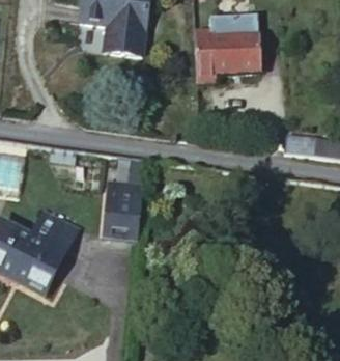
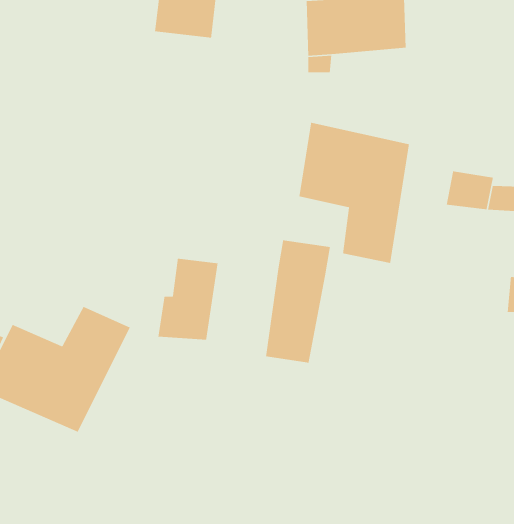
building: none -> [298,122,410,264]
building: none -> [265,239,331,364]

